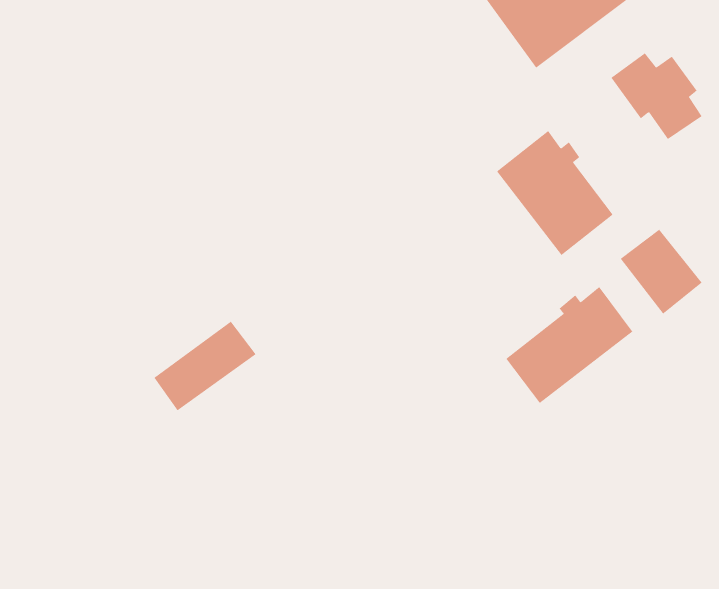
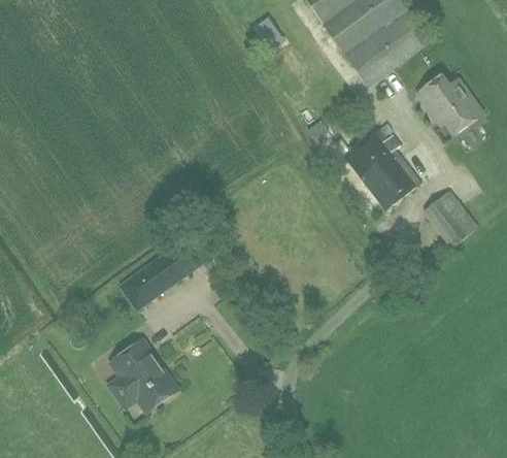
building: [506,286,633,404] -> none
building: none -> [109,339,177,411]

